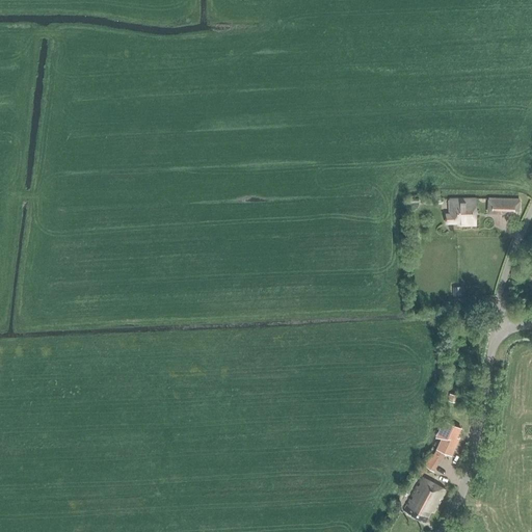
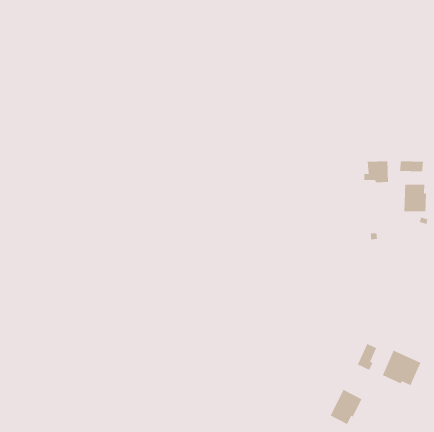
building: none -> [404,184,427,212]
building: none -> [382,350,421,386]

